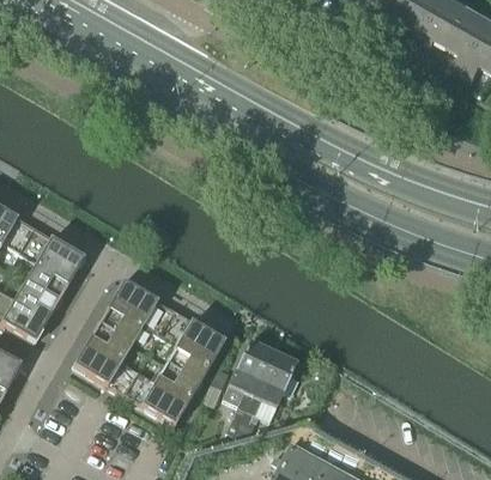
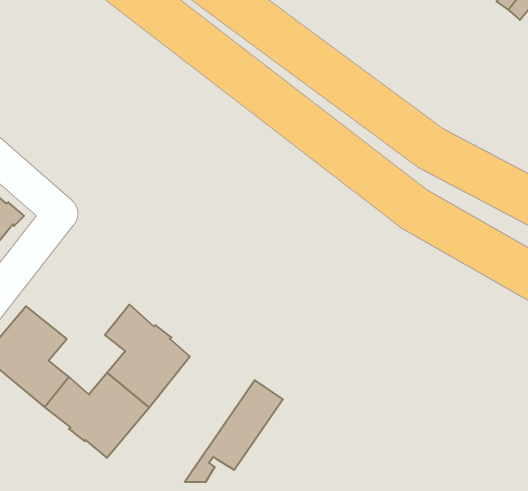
building: [99,279,175,342] -> none
building: [224,339,275,433] -> none

